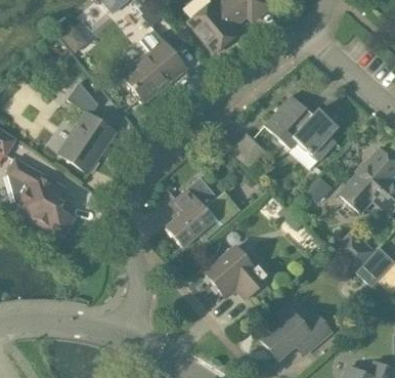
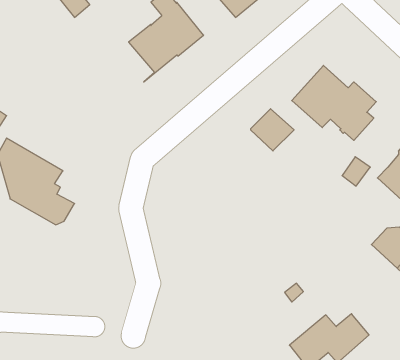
building: [58,81,116,172] -> none
building: [166,176,238,247] -> none
building: [205,245,271,298] -> none

